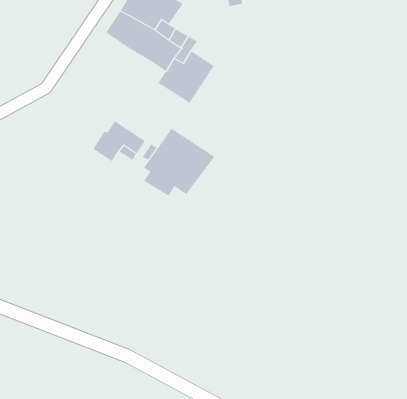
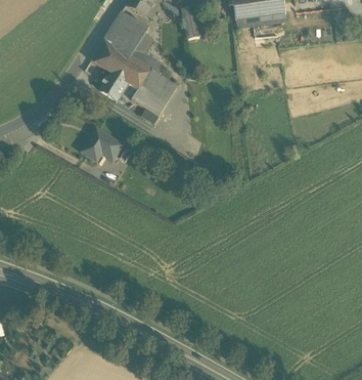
building: none -> [99,73,128,100]
building: [143,127,215,196] -> none

